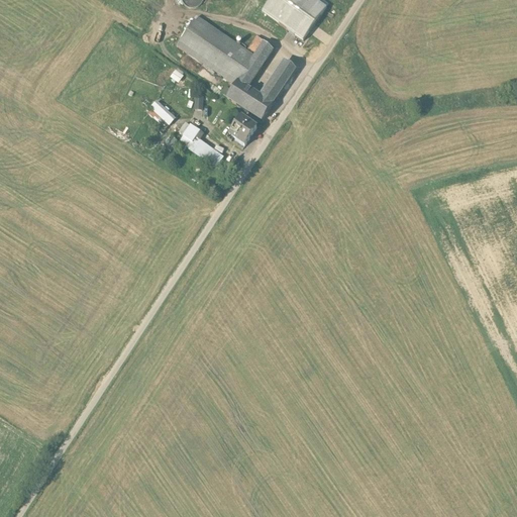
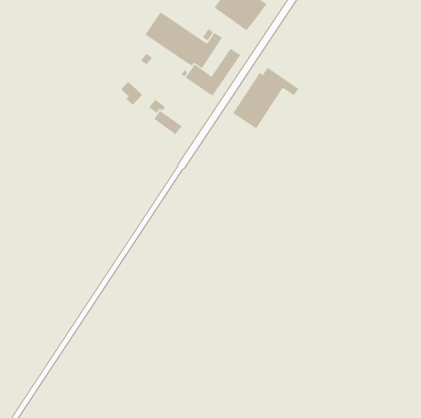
building: none -> [232,67,299,129]
building: [229,112,257,141] -> none

